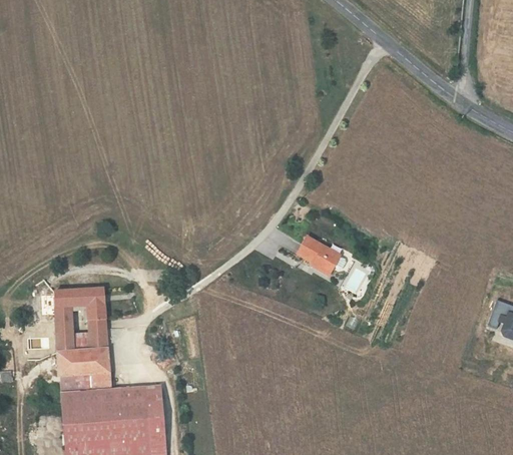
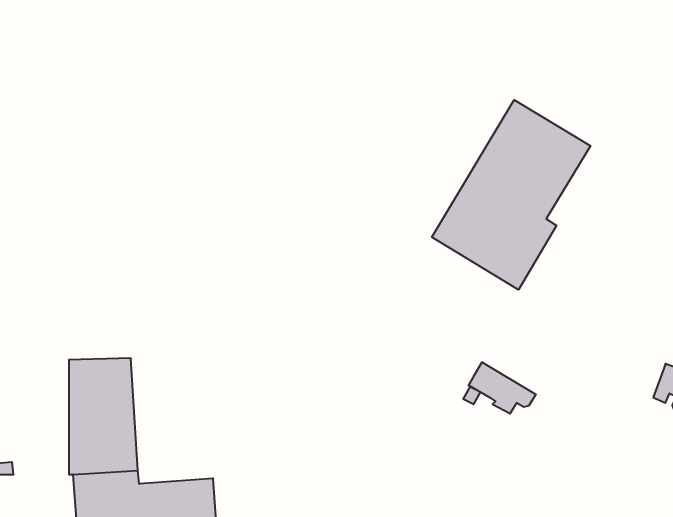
building: none -> [432,100,590,290]
building: [299,236,349,274] -> [468,362,536,414]

